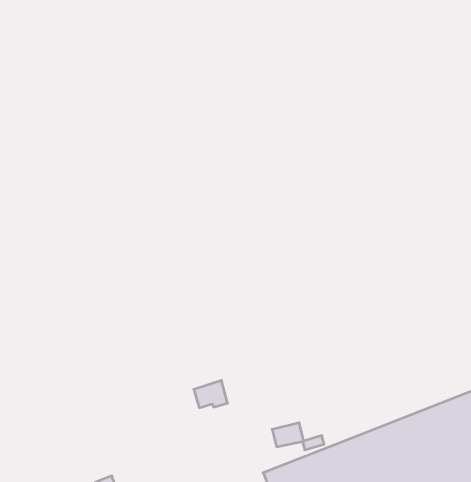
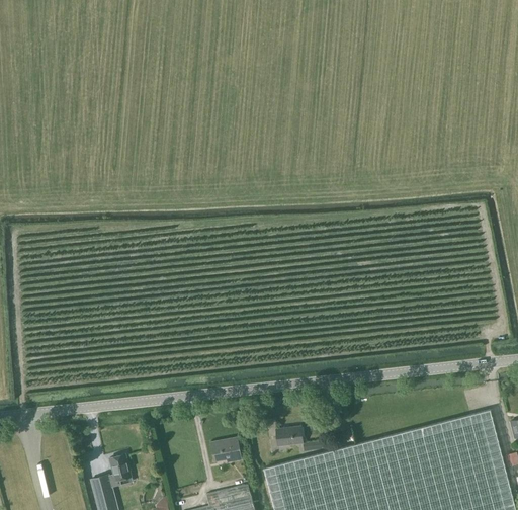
building: [194,380,228,408] -> [210,437,240,460]

